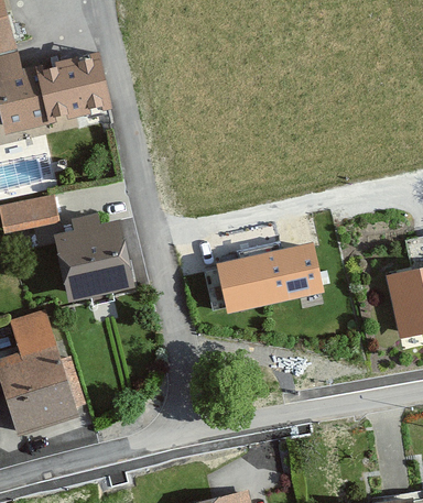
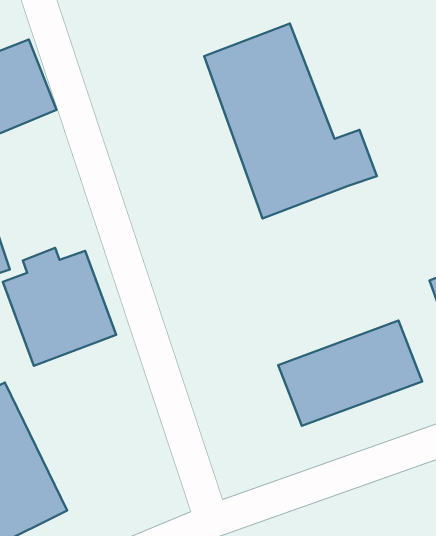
building: none -> [204,23,377,218]
building: [215,241,325,313] -> [278,321,422,426]

